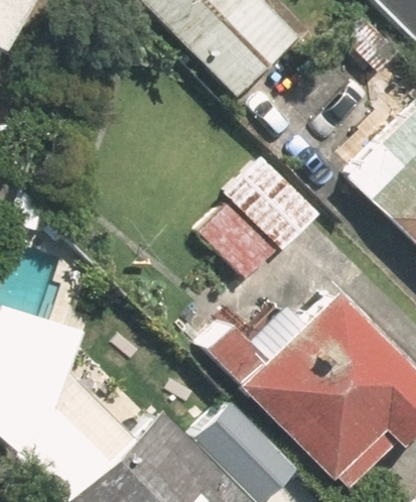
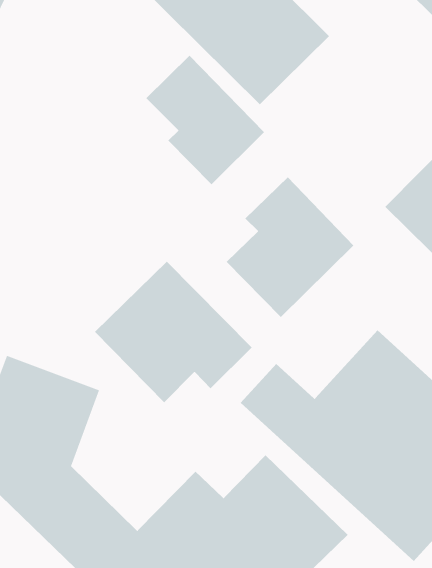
building: none -> [146,55,265,185]
building: none -> [94,261,253,403]

